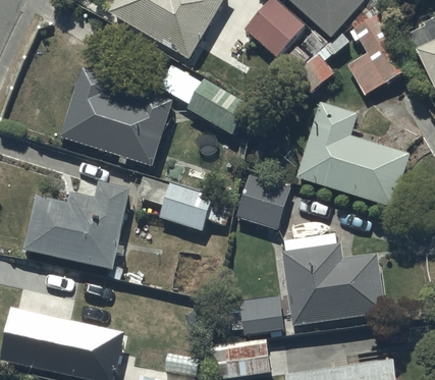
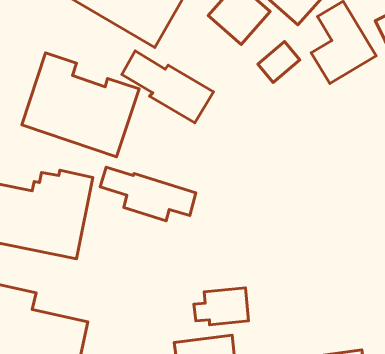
building: [297,101,411,207] -> none
building: [233,174,292,230] -> none
building: [281,232,385,326] -> none

